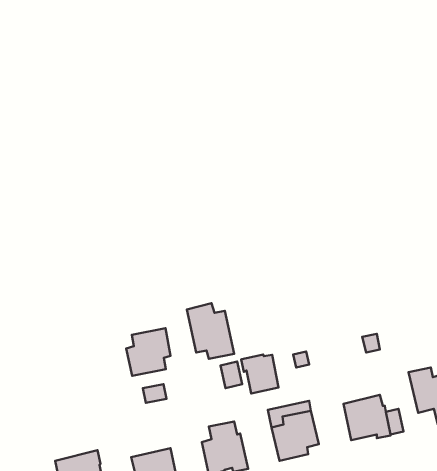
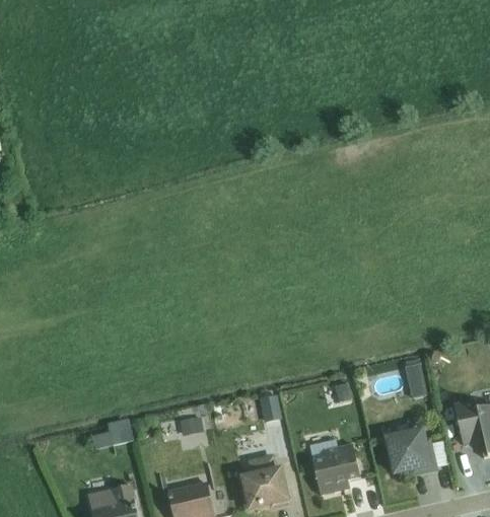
building: [187,303,234,359] -> none
building: [126,328,171,376] -> none
building: [241,354,279,393] -> none
building: none -> [91,419,133,450]

